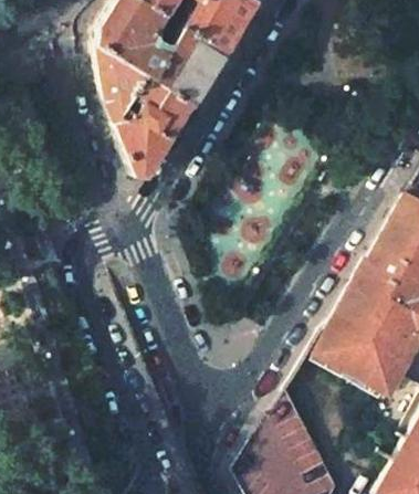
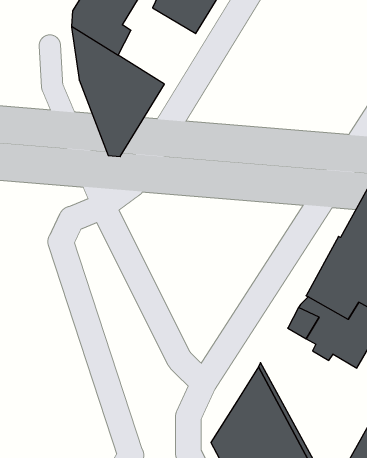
building: [143,25,222,104] -> none

